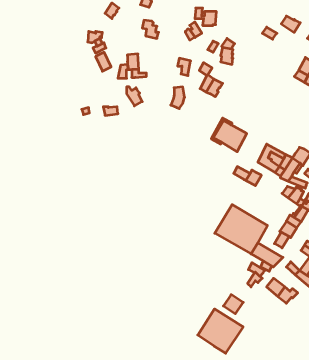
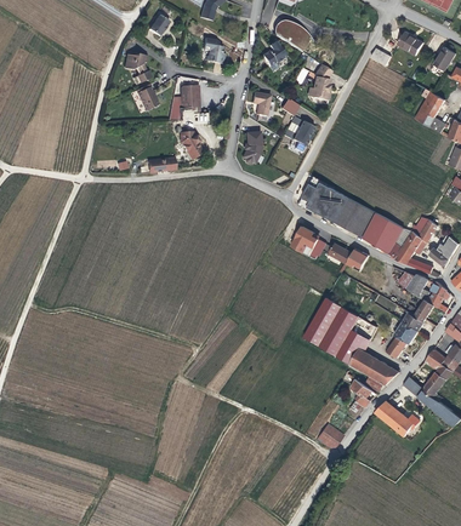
building: none -> [335,198,376,238]
building: none -> [291,225,326,258]
building: [198,309,243,353] -> none

